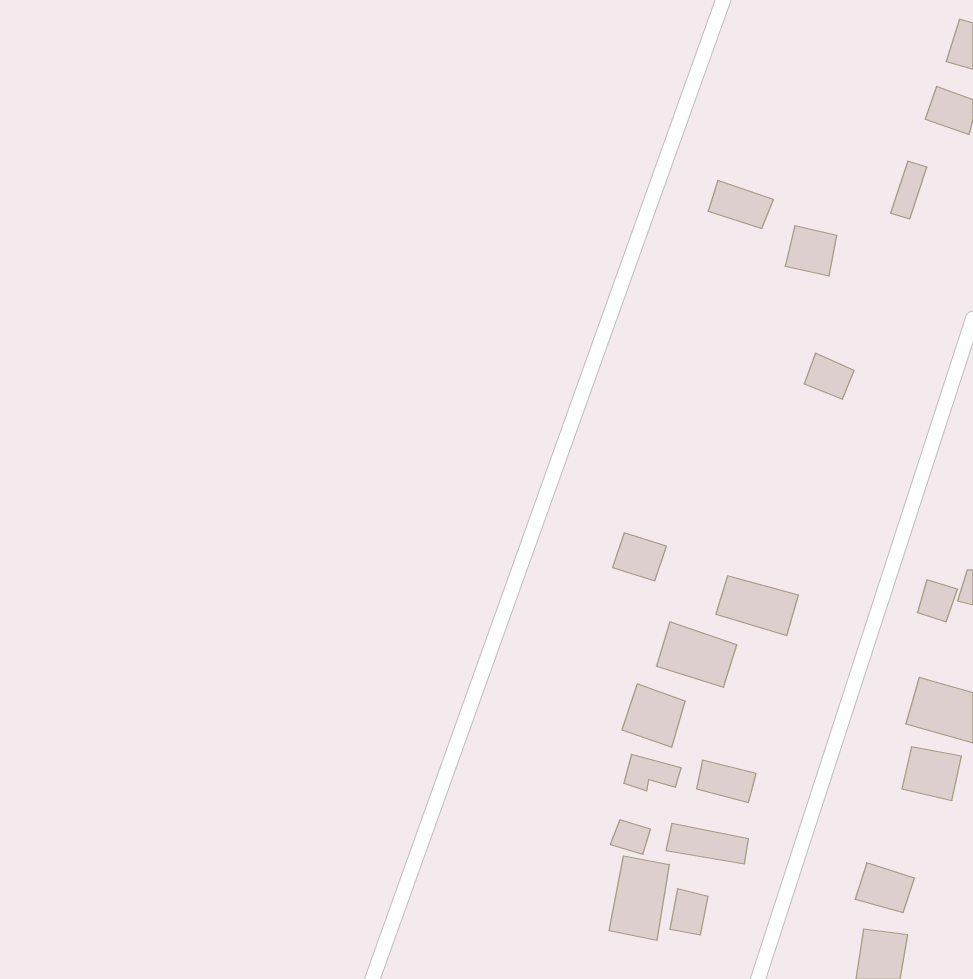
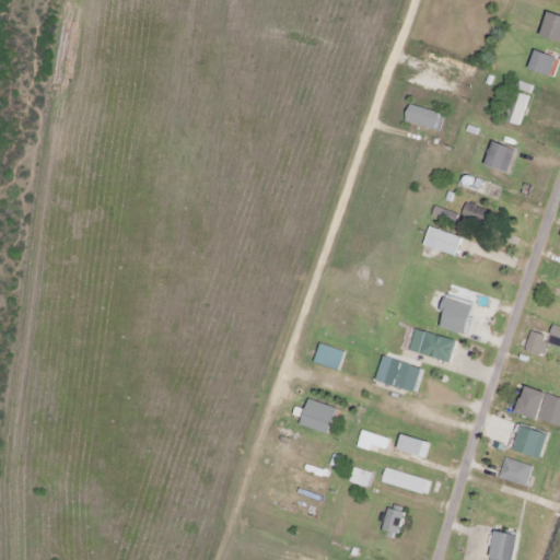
building: [785,226,837,276] -> [485,142,514,171]
building: none -> [422,226,460,256]
building: none -> [440,295,474,334]
building: [613,533,666,581] -> [313,342,343,370]
building: [622,684,685,747] -> [300,398,336,434]
building: [609,856,669,940] -> none
building: [855,863,915,913] -> [497,457,530,486]

